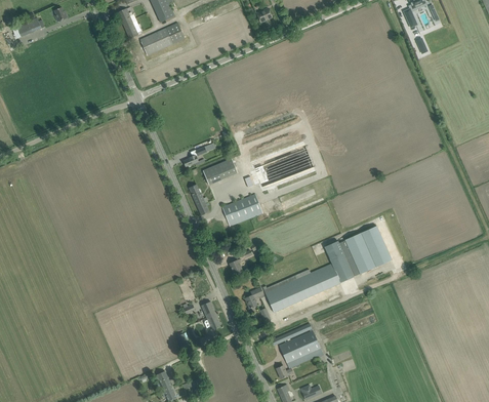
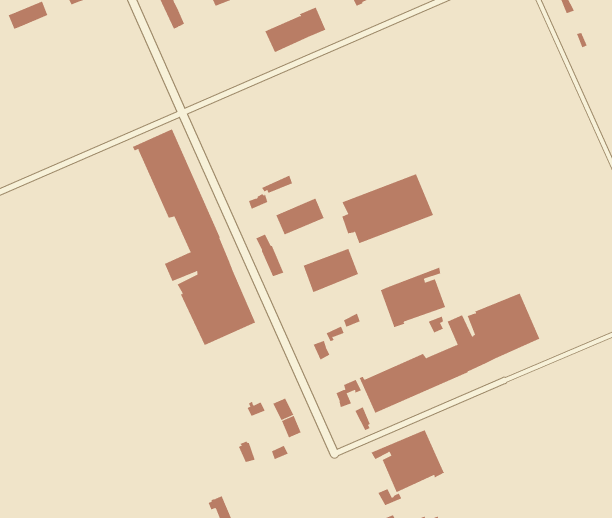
building: [140,23,185,55] -> [264,7,326,53]
building: none -> [132,129,256,346]
building: none -> [380,267,446,328]

